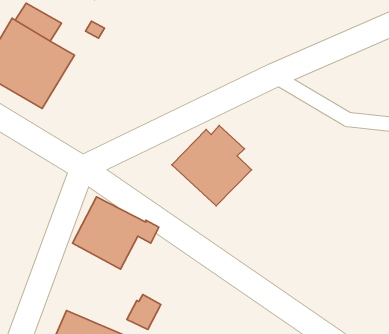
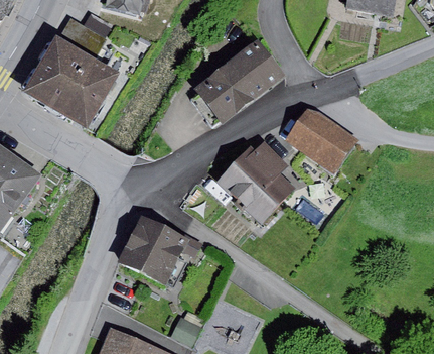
building: none -> [194,41,283,124]
building: none -> [285,109,357,172]

